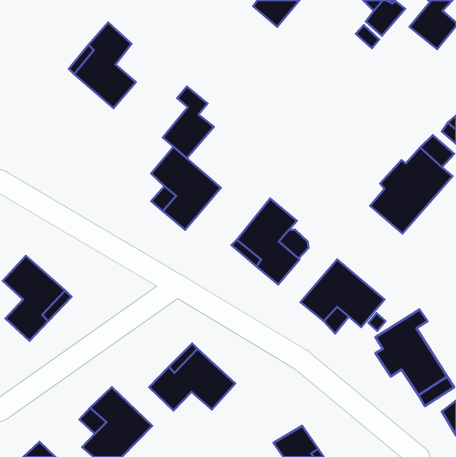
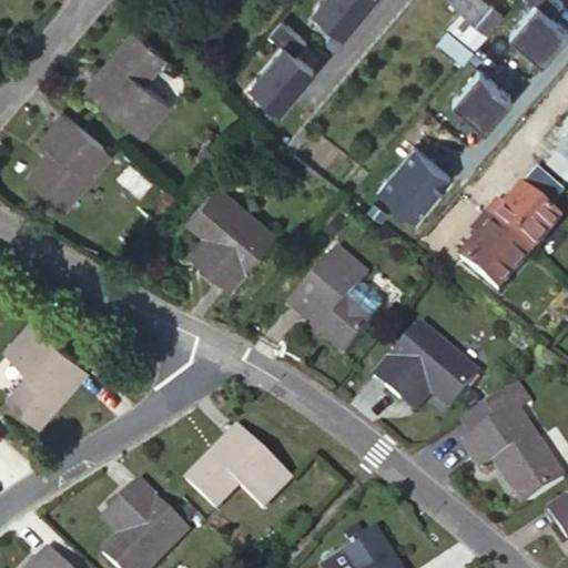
building: none -> [453,69,513,129]
building: [163,87,214,158] -> [251,19,314,108]
building: none -> [31,111,111,207]
building: none -> [379,148,450,219]

